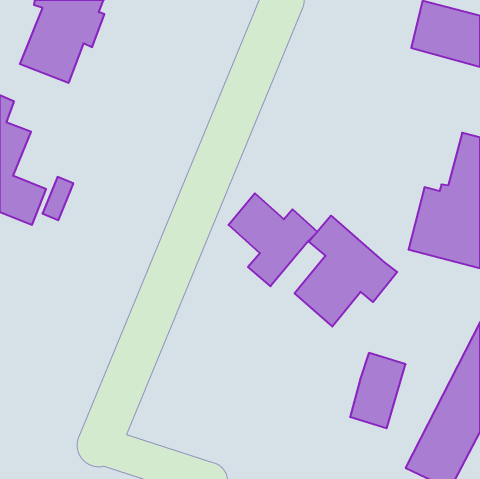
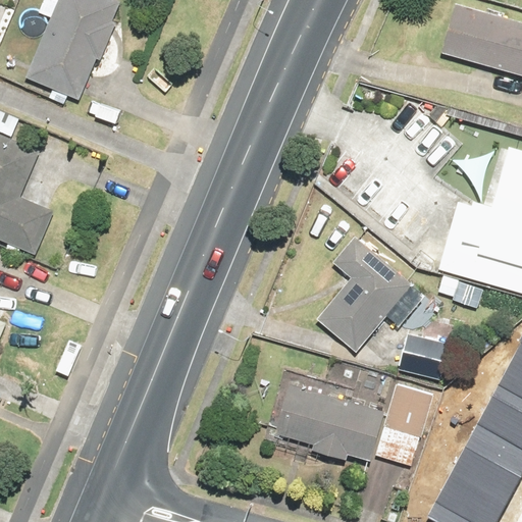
building: [228,193,317,286] -> none
building: none -> [401,335,451,376]
building: none -> [279,388,389,464]

